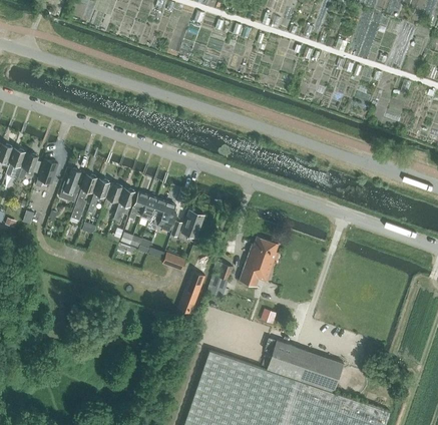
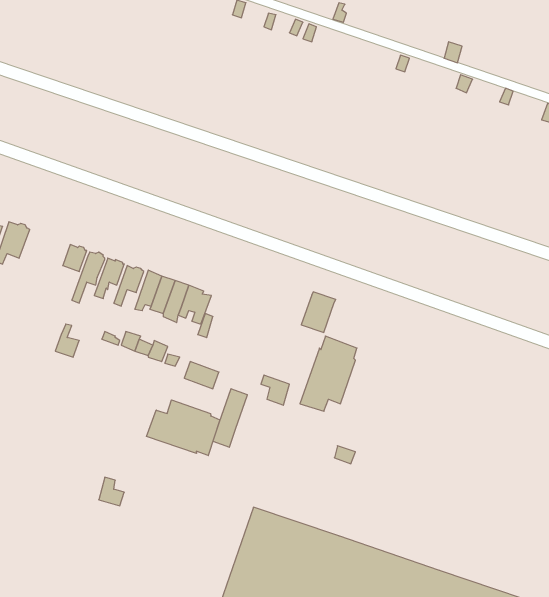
building: [60,168,81,202] -> none
building: [181,210,204,238] -> [301,292,336,332]
building: none -> [146,400,220,456]
building: [266,340,343,392] -> none

